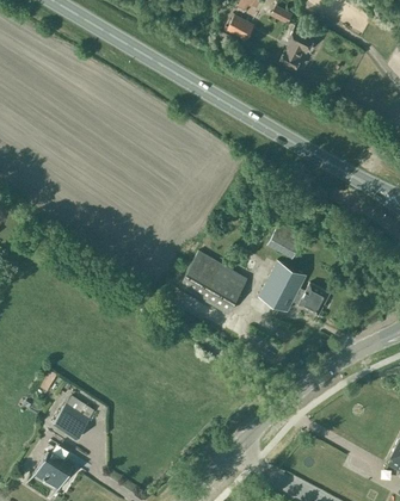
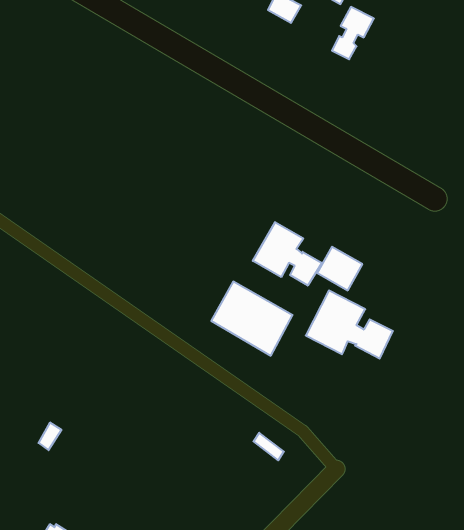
building: none -> [253,222,322,286]
building: [54,403,92,440] -> none

